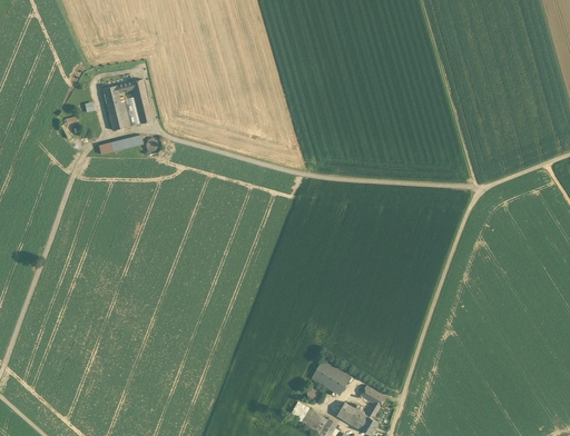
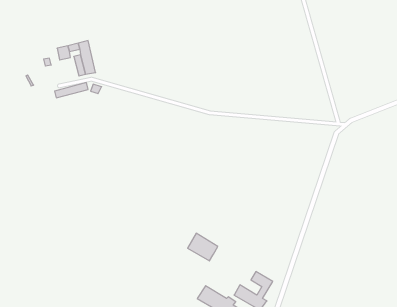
building: [104,99,129,129] -> none
building: [309,358,350,395] -> [188,233,218,261]

